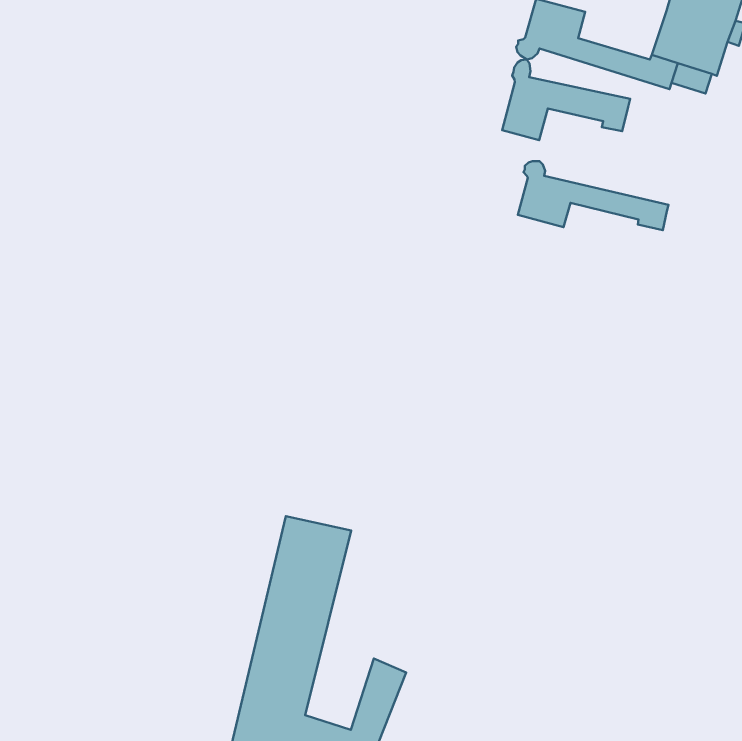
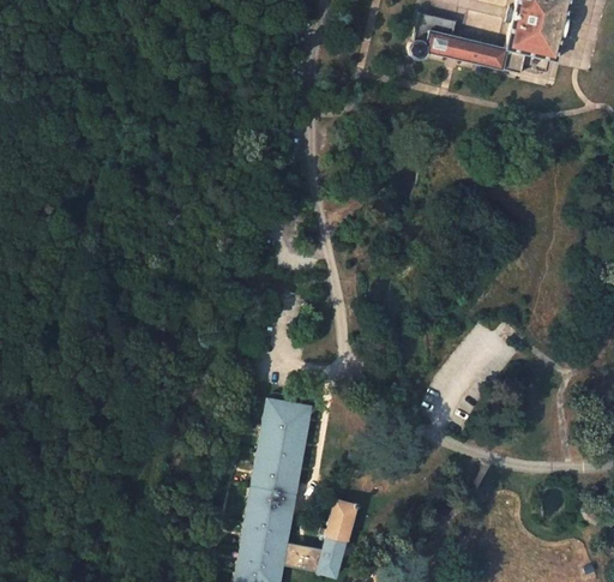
building: [502,59,630,140] -> none
building: [518,161,668,230] -> none

